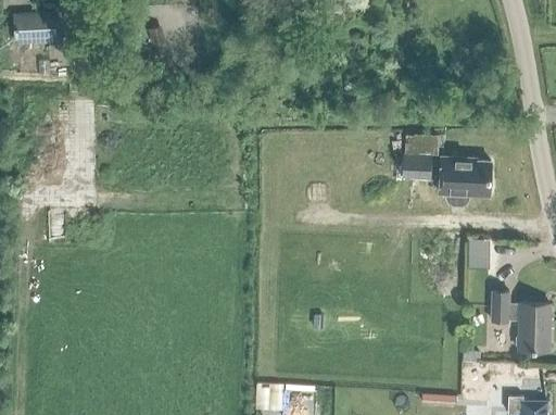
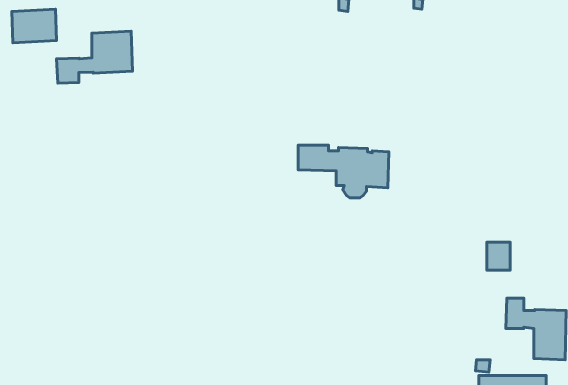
building: none -> [57,31,132,83]
building: [402,155,490,206] -> [298,145,389,198]

